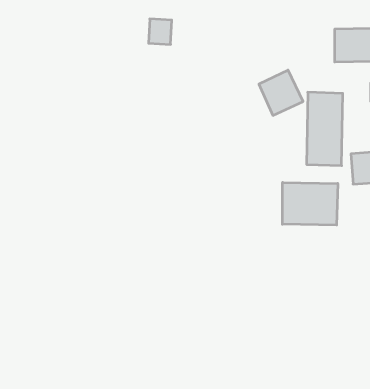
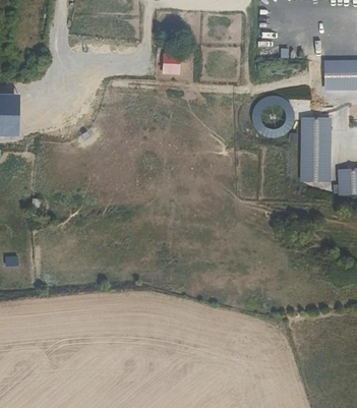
building: [282,182,338,225] -> none

